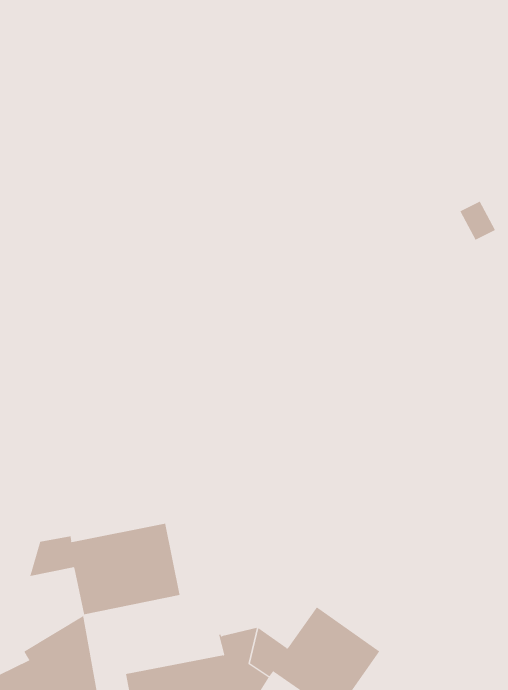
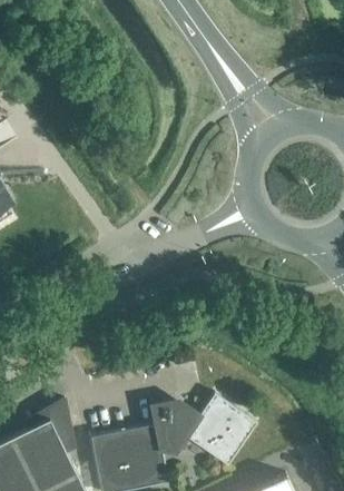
building: [29,523,180,615] -> none

